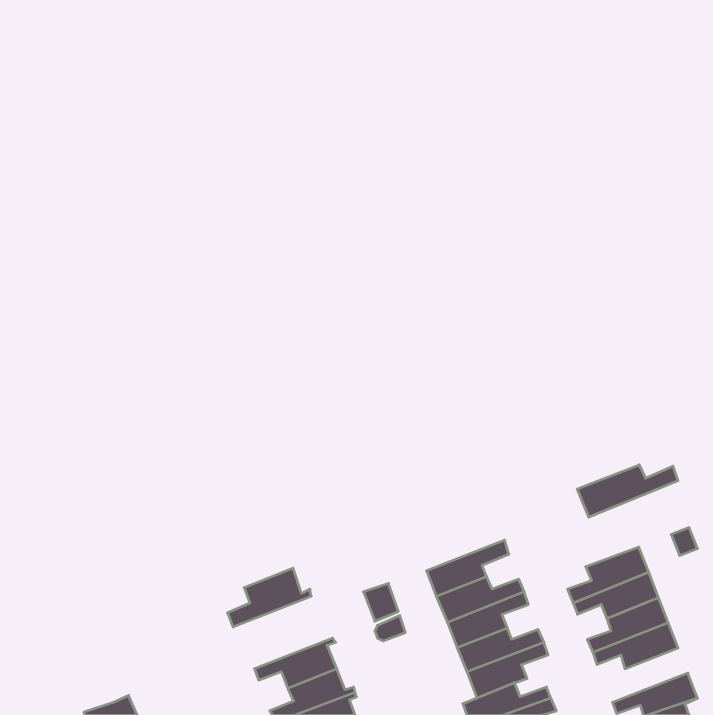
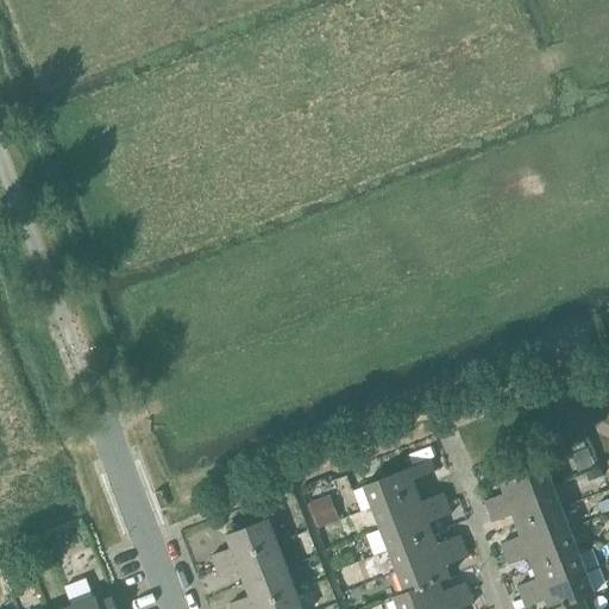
building: [577,465,678,517] -> none
building: [227,568,311,627] -> [212,519,283,569]
building: none -> [516,551,585,597]

